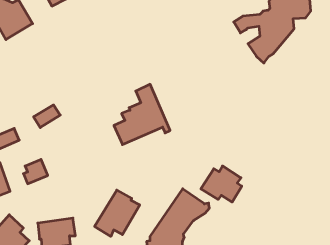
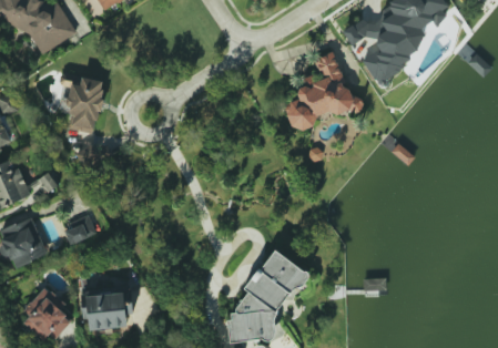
building: none -> [59,72,104,133]
building: [114,84,170,145] -> [284,50,358,130]
building: [201,166,242,202] -> none
building: [95,190,140,236] -> none

